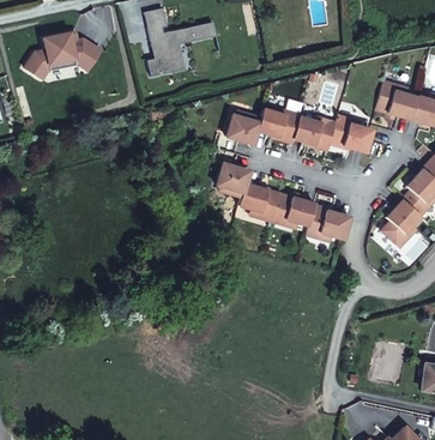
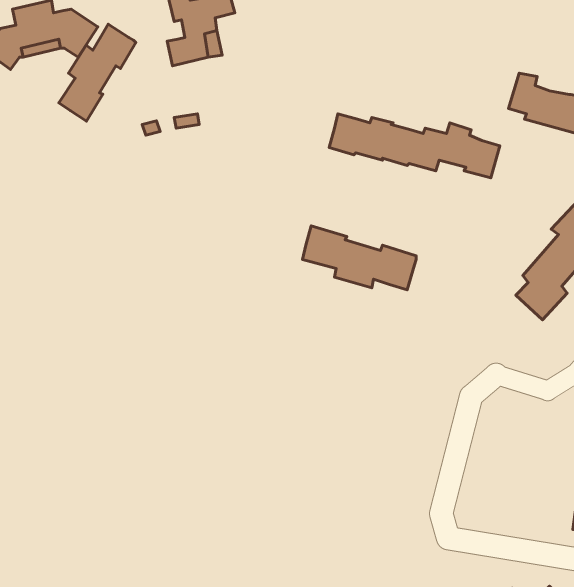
building: none -> [59,24,136,121]
building: [213,115,260,198] -> none
building: [307,211,350,241] -> none

